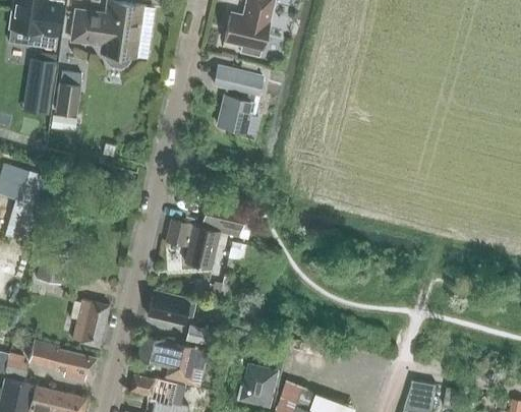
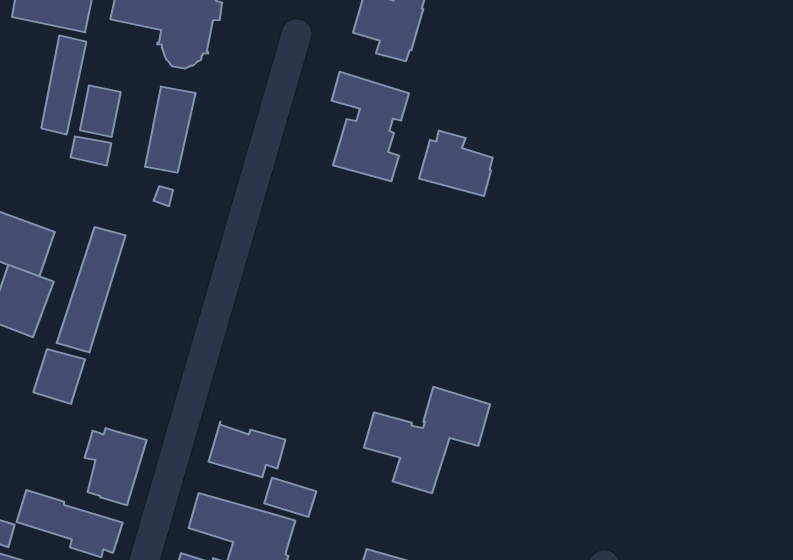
building: none -> [145,86,195,173]
building: none -> [419,130,493,196]
building: none -> [57,227,126,353]
building: [165,201,243,269] -> [364,387,490,493]

